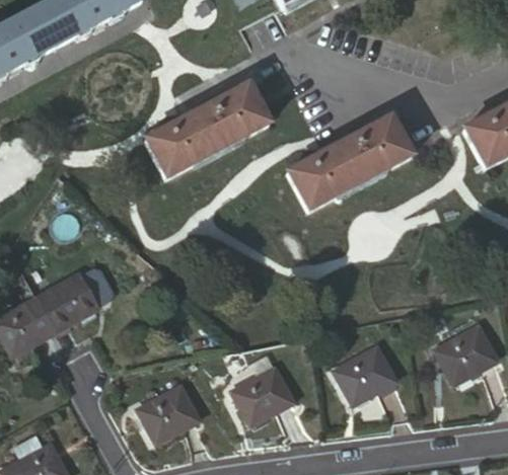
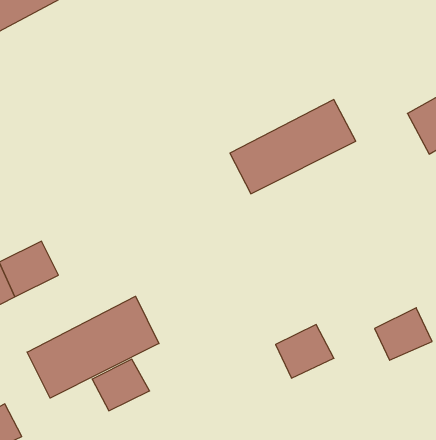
building: [143,84,271,179] -> none
building: none -> [27,296,159,398]
building: [231,366,292,420] -> none

